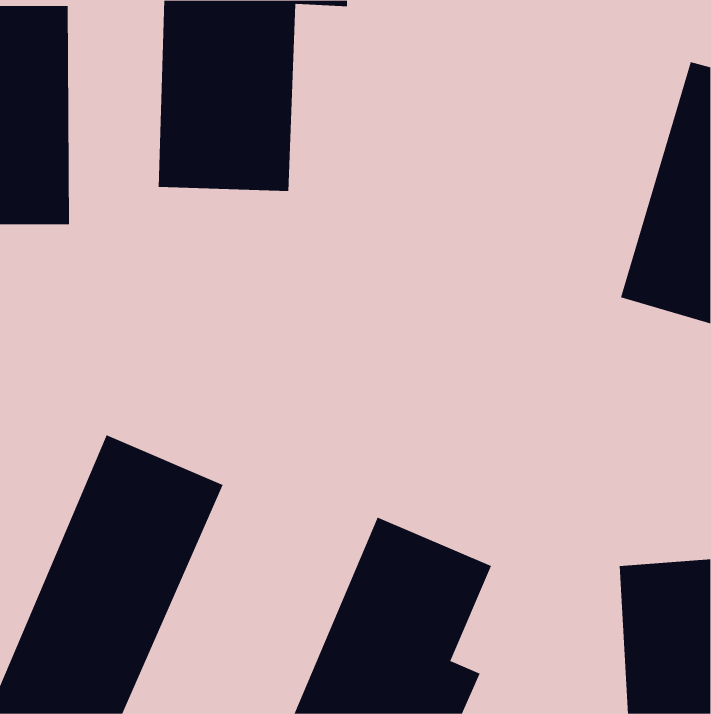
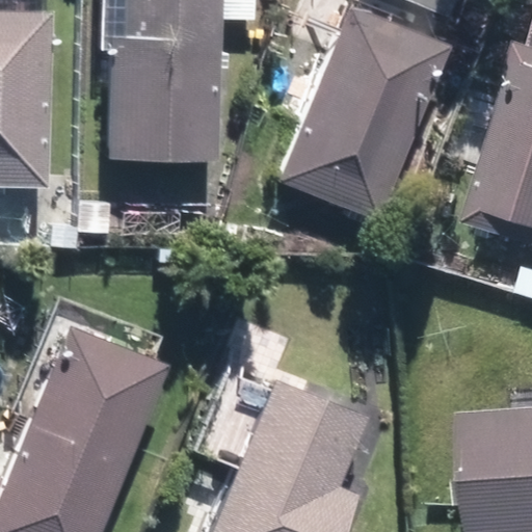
building: none -> [288,11,443,214]

